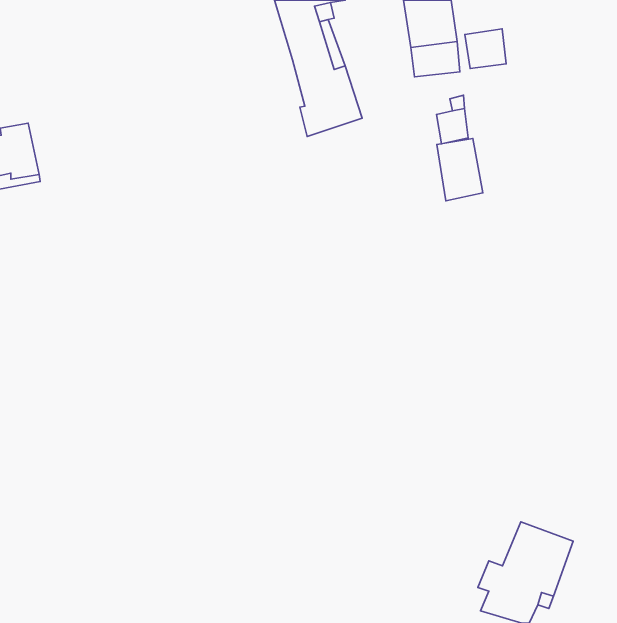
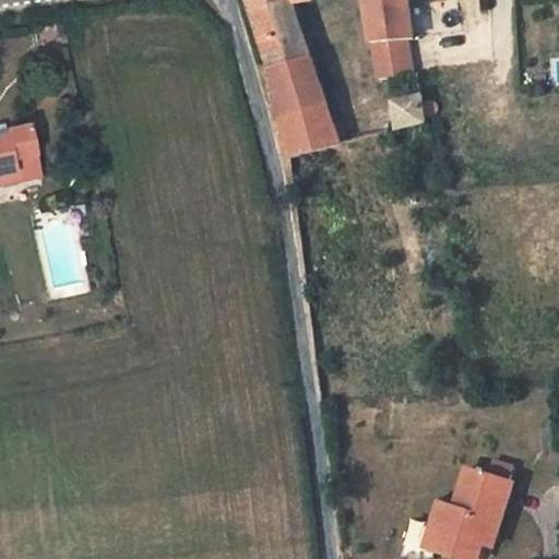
building: [465,29,506,68] -> none
building: none -> [275,106,336,159]
building: [437,139,483,201] -> none

